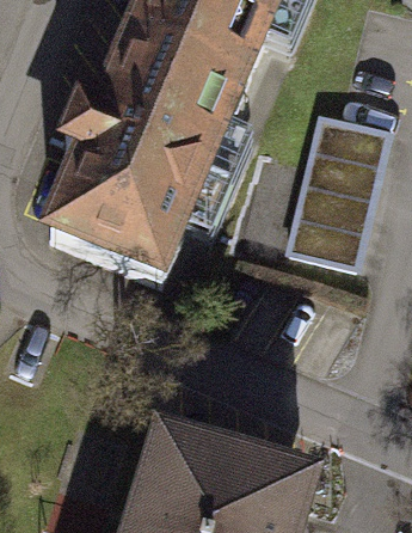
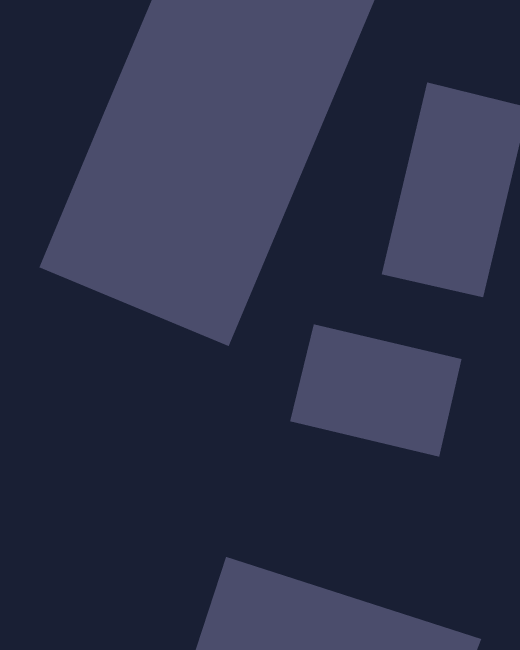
building: none -> [289,324,462,457]

